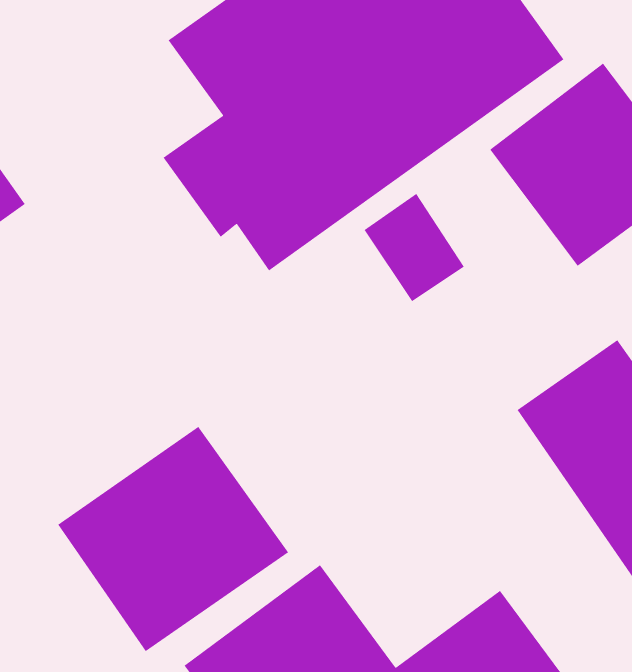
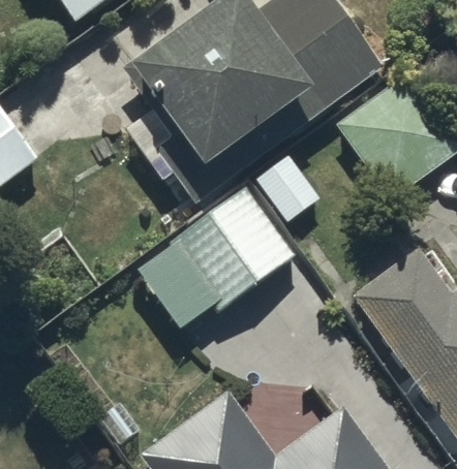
building: none -> [138,184,295,327]
building: [57,426,289,652] -> none

